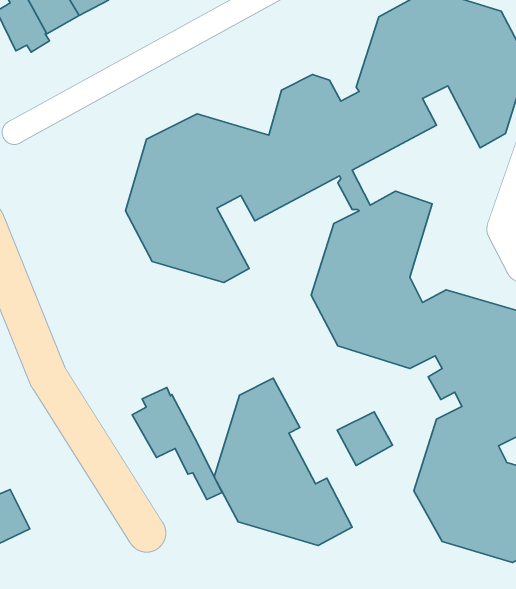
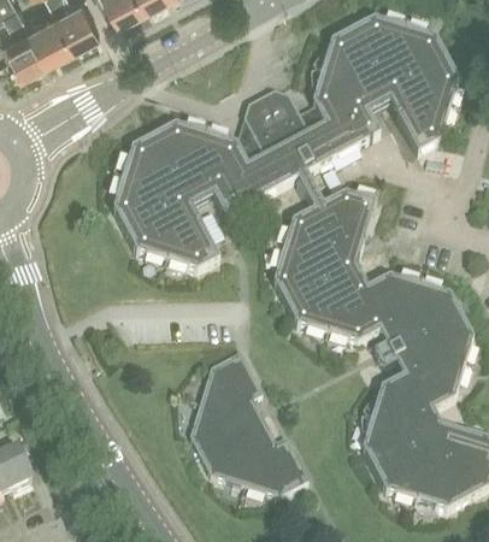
building: [132,388,222,499] -> none
building: [337,412,393,466] -> none

